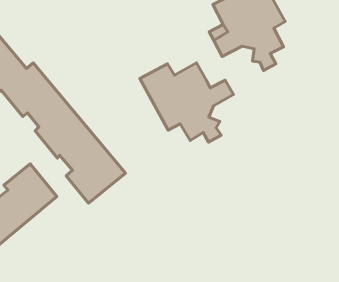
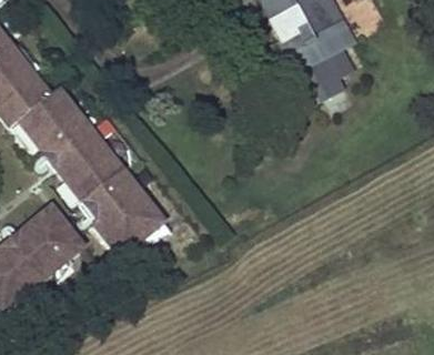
building: [140,63,234,142] -> none

